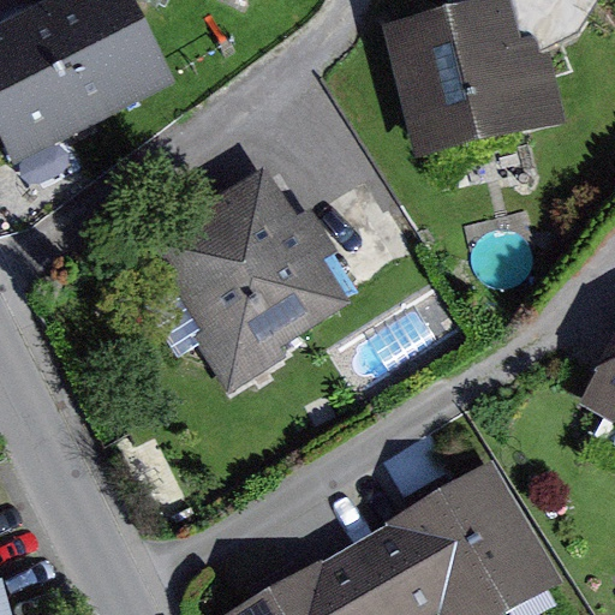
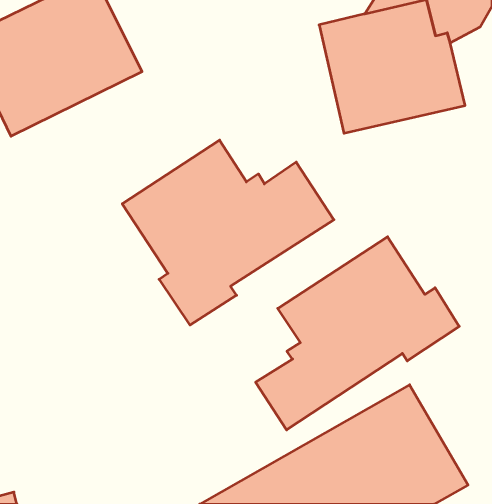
building: none -> [256,237,459,430]

